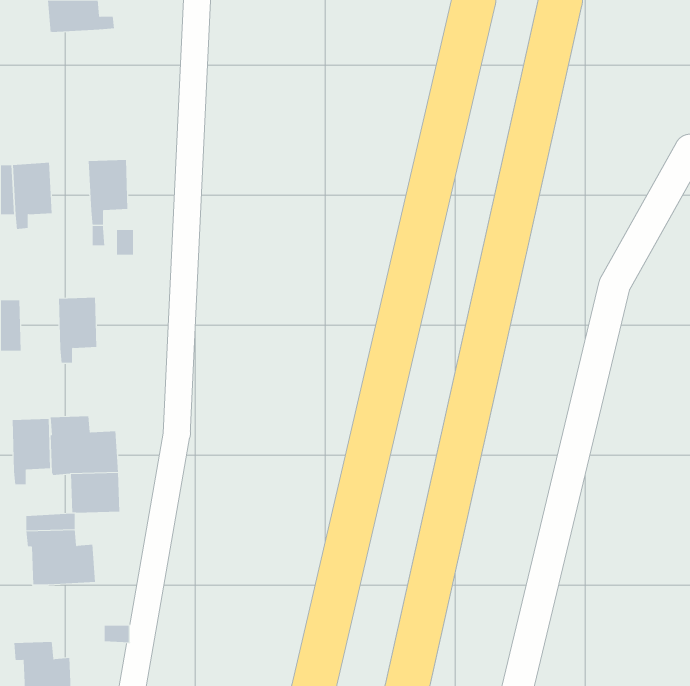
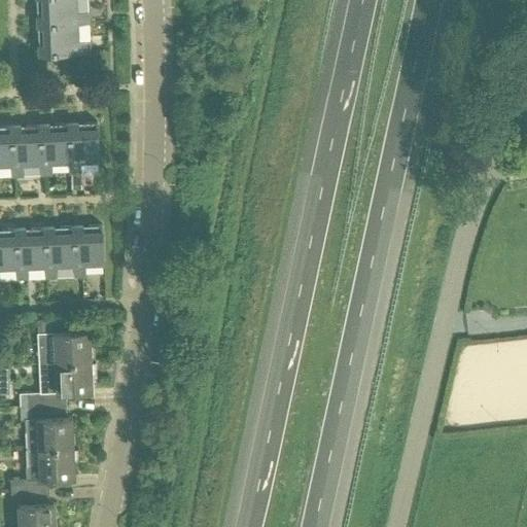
building: none -> [38,26,89,57]
building: none -> [38,126,69,176]
building: none -> [73,229,104,279]
building: [12,419,51,485] -> [15,231,45,281]
building: none -> [10,447,74,493]

